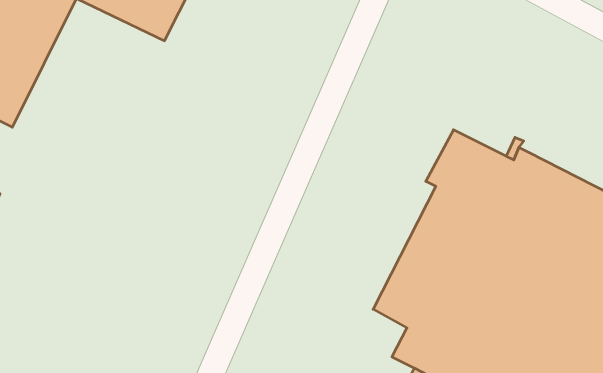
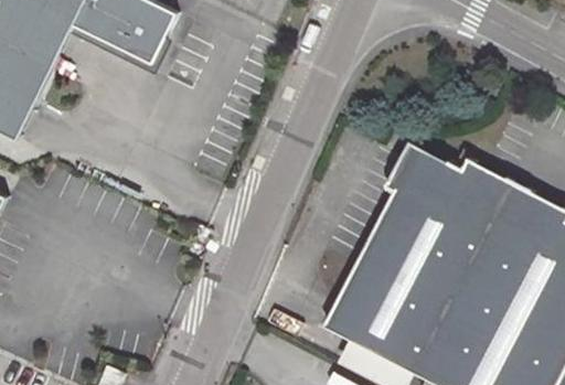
building: none -> [324,301,367,343]

